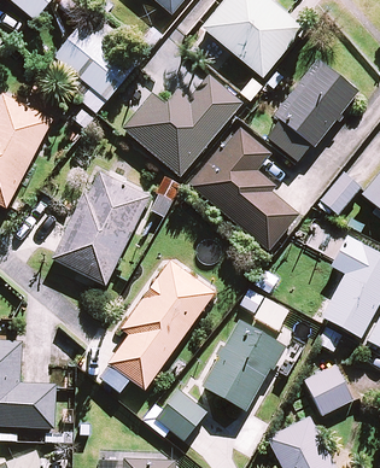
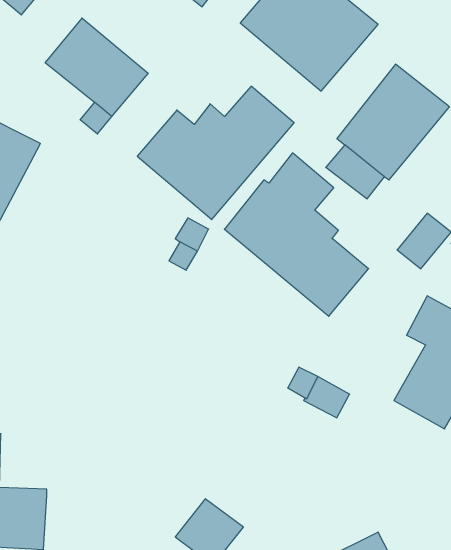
building: [51,172,148,286] -> none
building: [107,261,214,390] -> none
building: [200,318,286,409] -> none
building: [304,364,352,414] -> none

